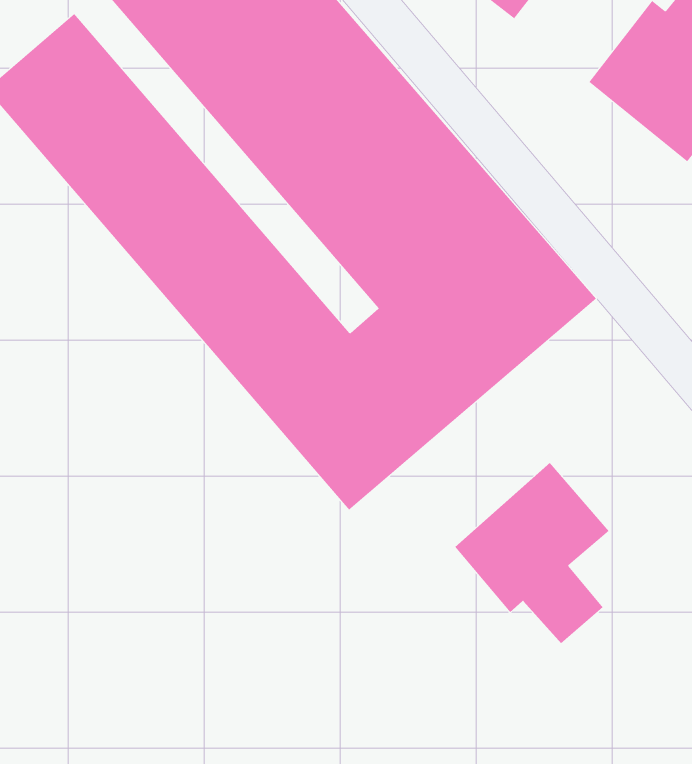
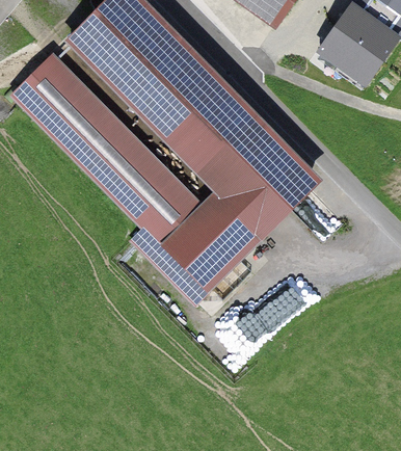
building: [454,462,609,644] -> none

